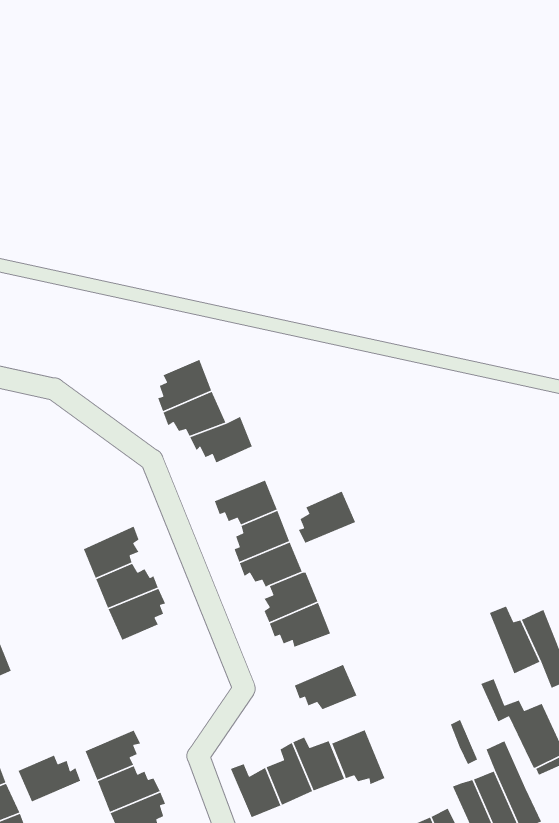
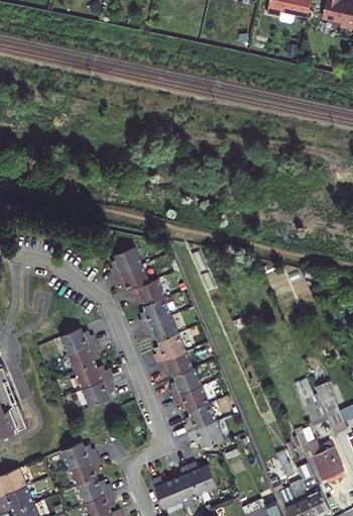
building: [298,490,356,544] -> [138,297,171,327]
building: none -> [60,327,97,354]
building: none -> [185,403,216,432]
building: [331,729,385,785] -> none
building: [17,755,81,802] -> [61,442,97,470]

